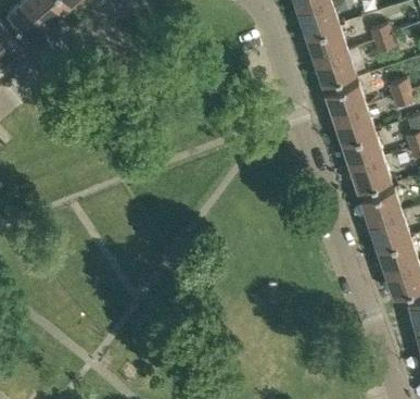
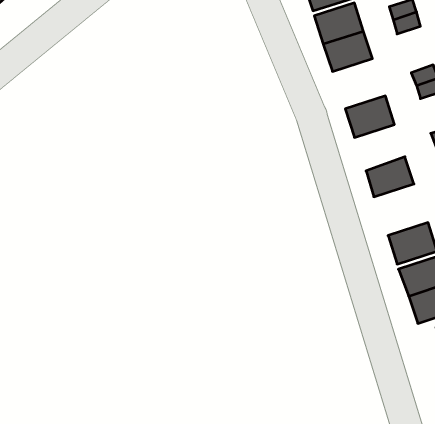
building: [324,83,366,117] -> none
building: [342,135,382,170] -> none
building: [359,189,402,224] -> none

